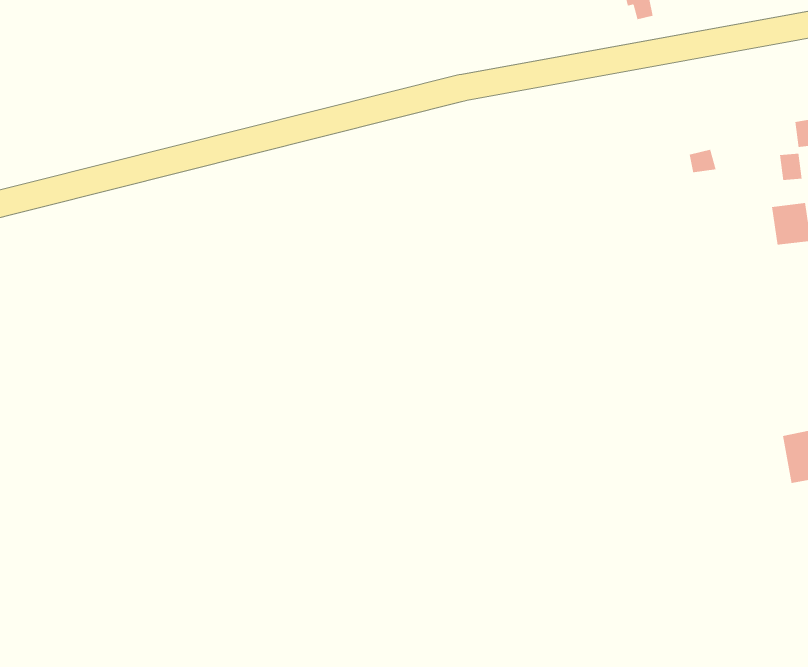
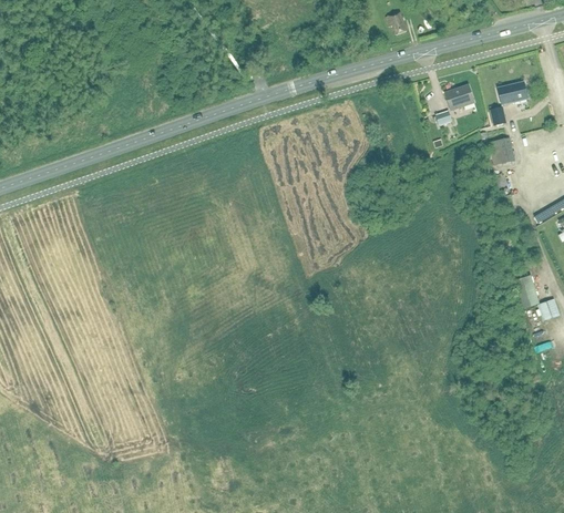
building: none -> [445,84,474,109]

